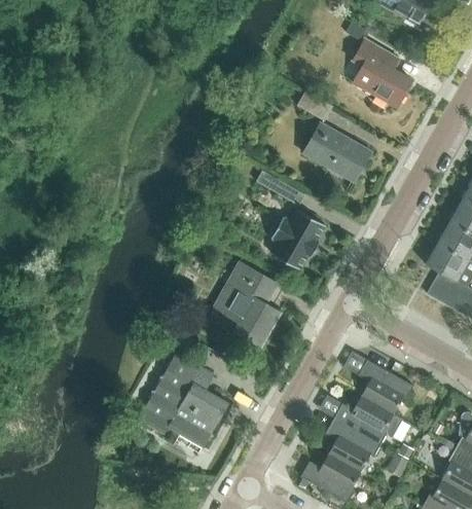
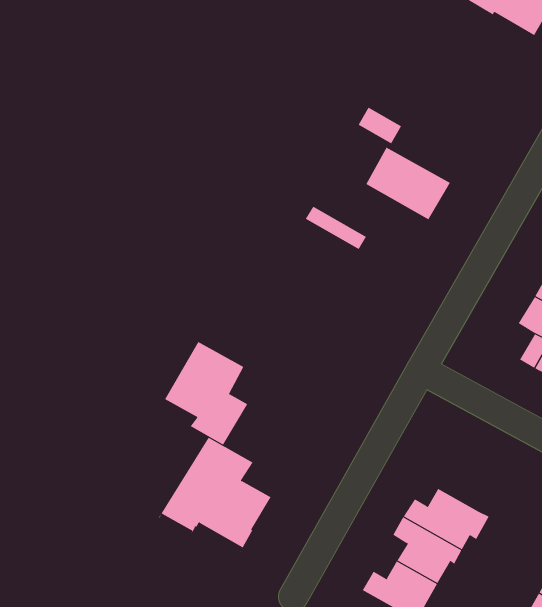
building: [352,40,411,108] -> none
building: [270,210,325,270] -> none
building: [213,264,280,348] -> [164,341,248,445]
building: [358,360,413,414] -> none

